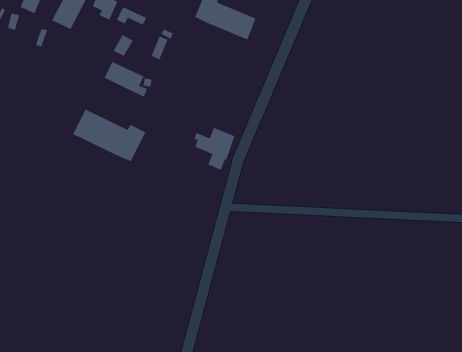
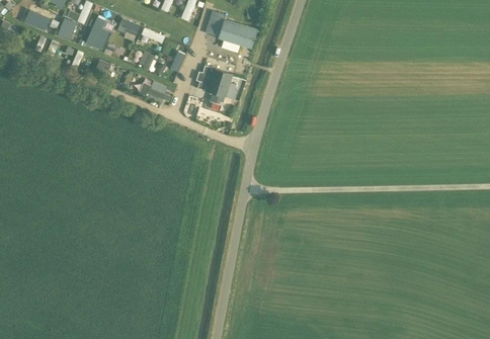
building: [72,109,146,162] -> none
building: [193,127,236,171] -> [197,69,233,105]

